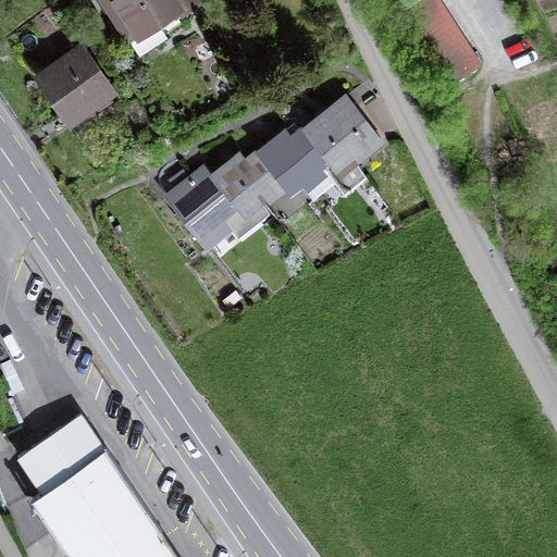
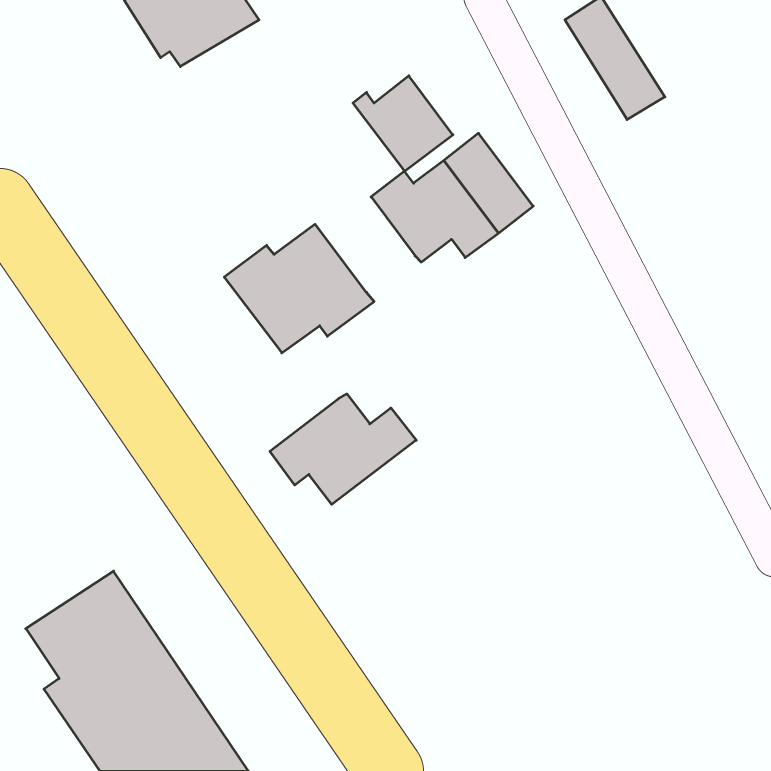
building: [29,48,115,133] -> none
building: [228,141,300,210] -> [353,76,453,171]
building: none -> [270,394,416,504]

